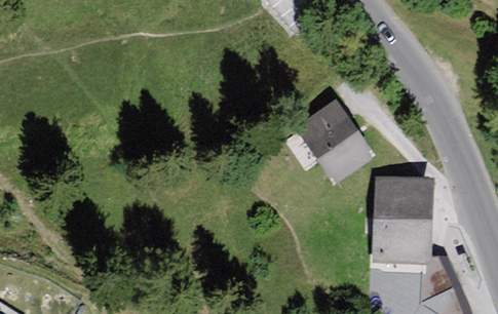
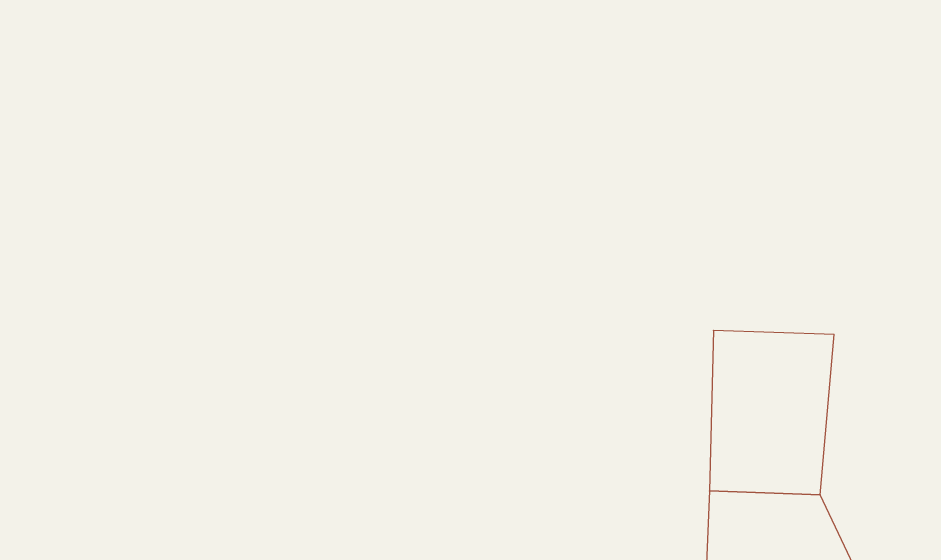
building: [293,99,375,182] -> none

